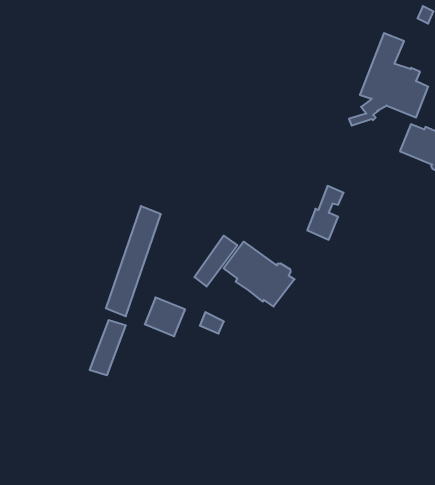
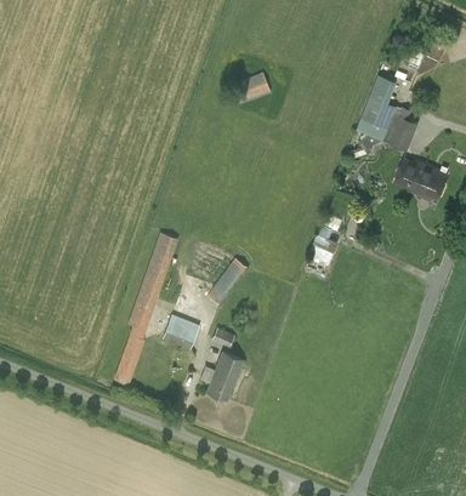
building: none -> [233,73,271,103]
building: [224,242,295,307] -> none
building: none -> [200,352,243,400]

